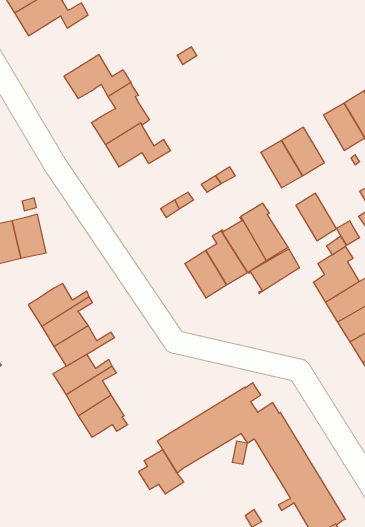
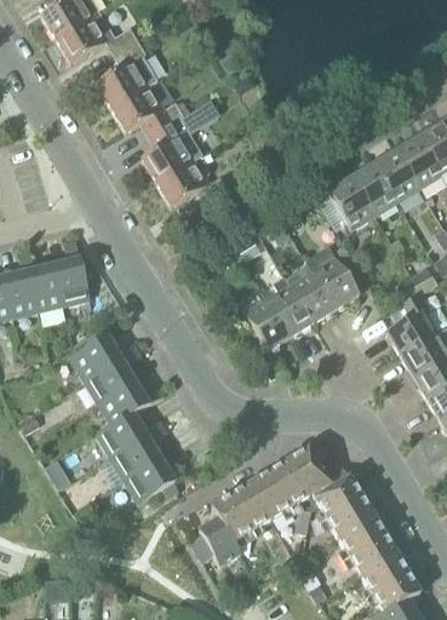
building: none -> [96,38,157,105]
building: [296,193,337,241] -> [374,148,419,200]
building: [249,249,300,294] -> none

